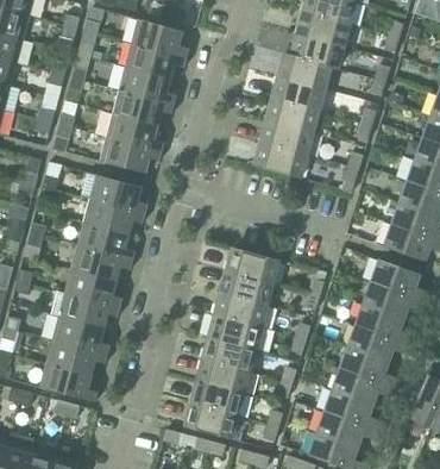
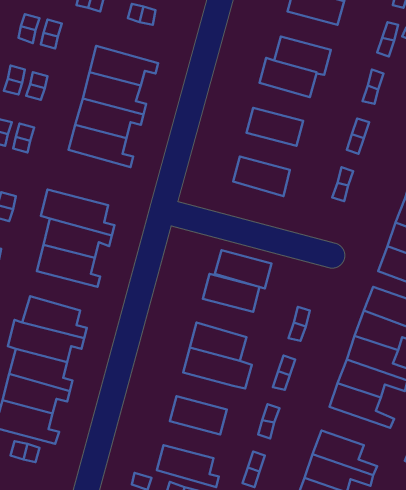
building: [297,12,348,46] -> none
building: [131,19,189,58] -> none
building: [272,76,323,111] -> none
building: [260,121,312,155] -> none
building: [100,137,162,174] -> none
building: [71,246,132,282] -> none
building: [221,271,272,306] -> [215,250,272,288]
building: [203,338,254,371] -> none
building: [334,369,396,404] -> none
building: [191,382,243,415] -> none

